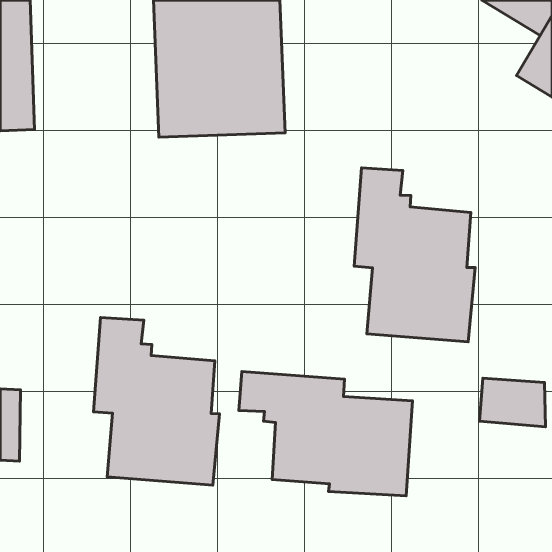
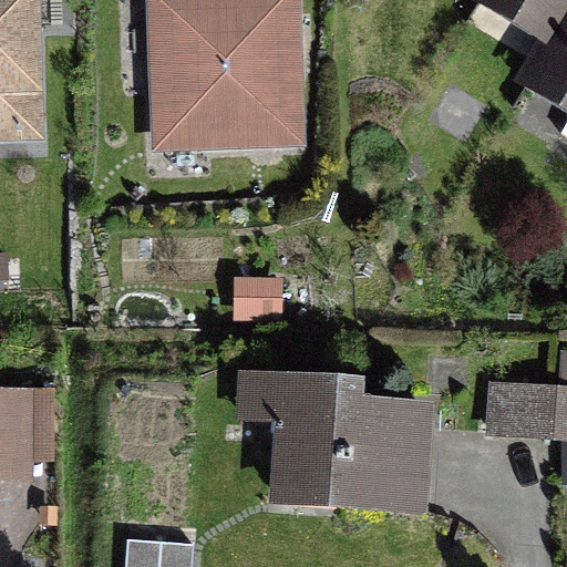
building: [354,168,475,342] -> none
building: [93,317,220,485] -> none

